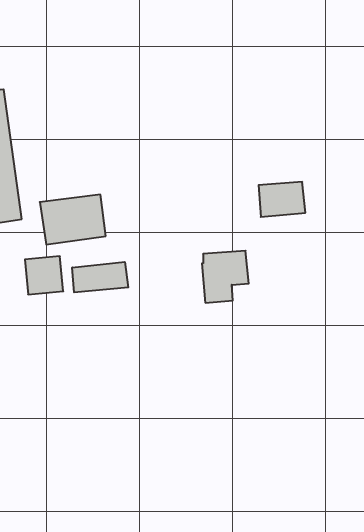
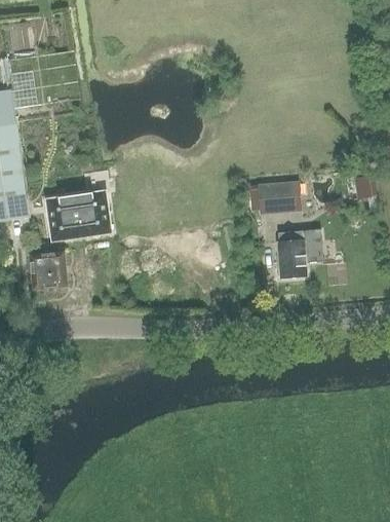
building: [202,251,249,303] -> [277,229,322,279]
building: [72,262,128,292] -> none

